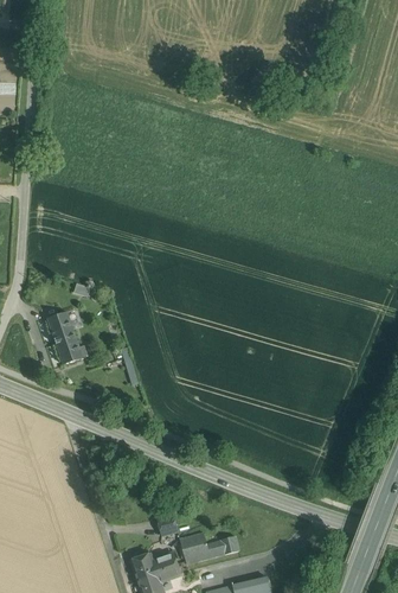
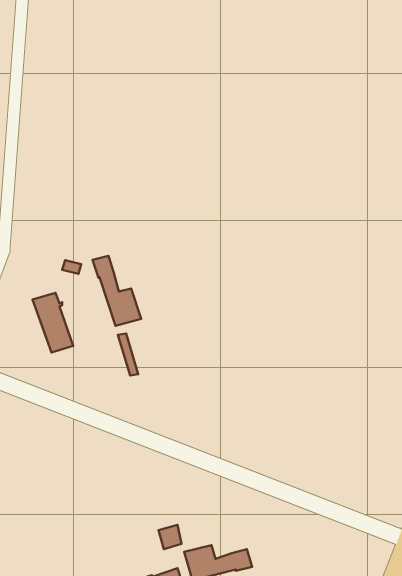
building: none -> [92,256,141,326]

